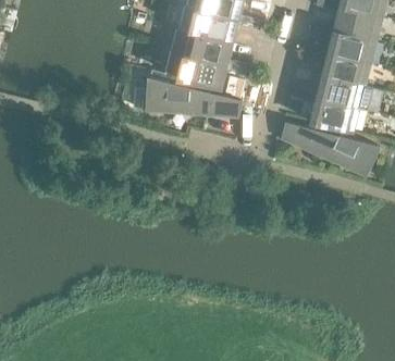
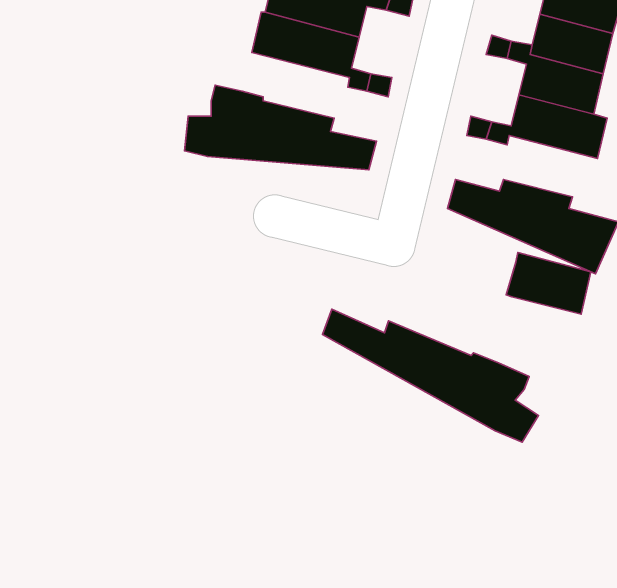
building: [165,51,226,89] -> none
building: [310,98,358,133] -> [506,252,591,314]
building: none -> [323,309,539,442]

